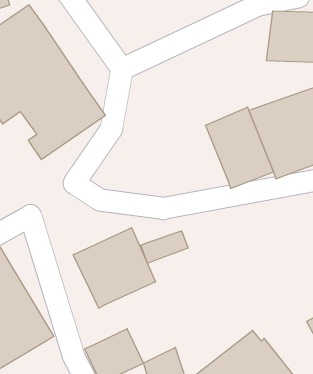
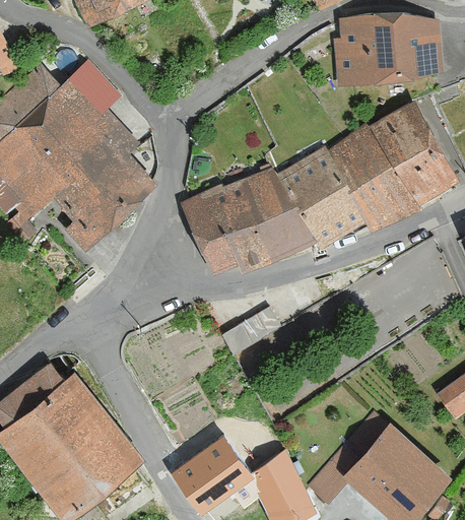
building: none -> [63,65,138,154]
building: none -> [183,170,317,273]
building: [73,228,155,308] -> none

